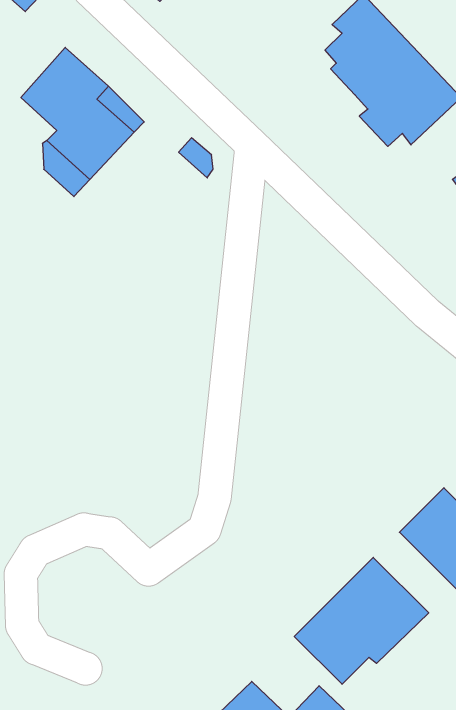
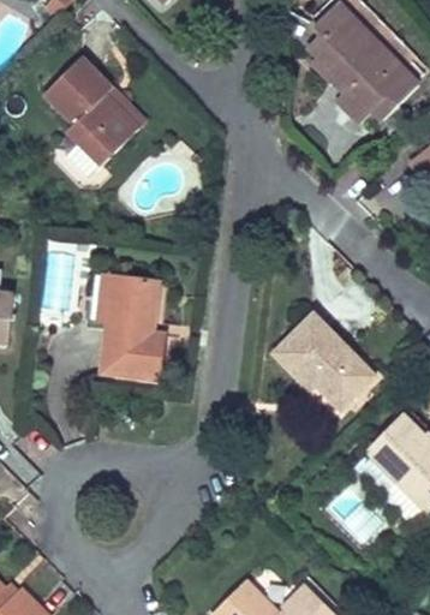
building: none -> [90,276,160,378]
building: none -> [270,314,374,408]
building: [294,557,429,684] -> none

